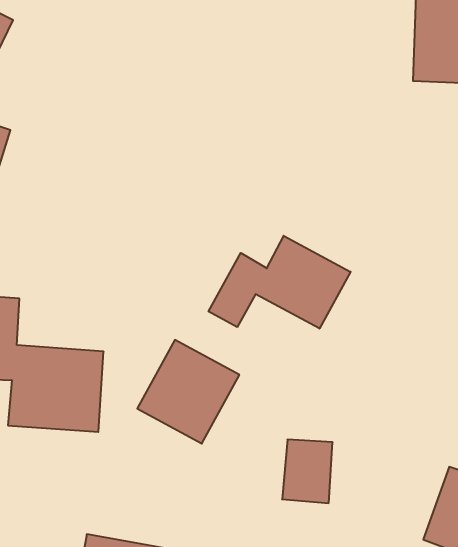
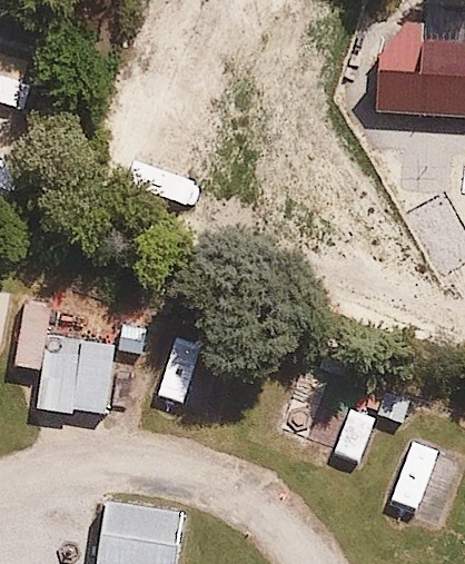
building: [209,236,351,329] -> none

